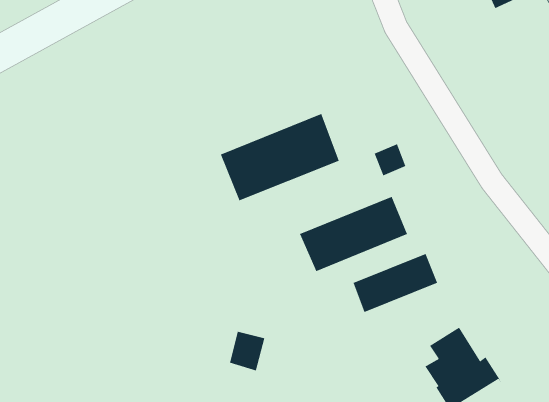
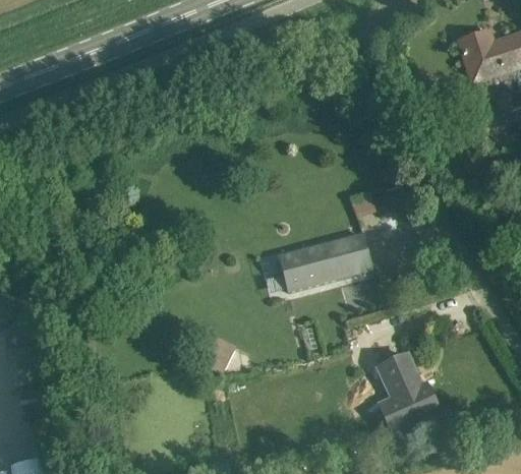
building: [220,113,340,201] -> none
building: [353,253,438,313] -> none

